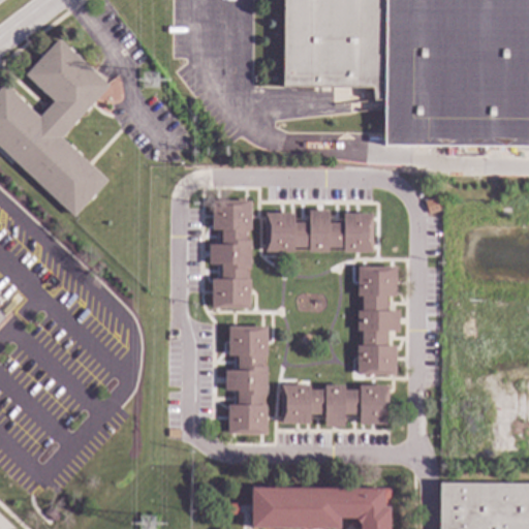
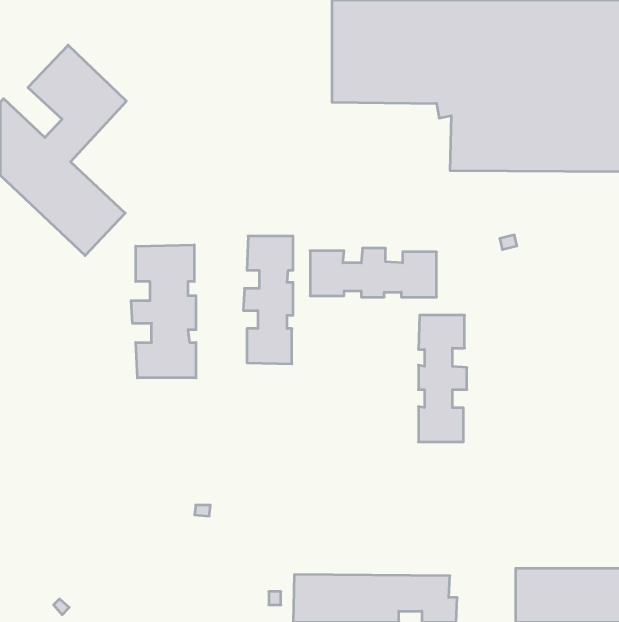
building: none -> [131,245,196,378]
building: [225,326,268,434] -> none
building: [281,384,388,427] -> none

